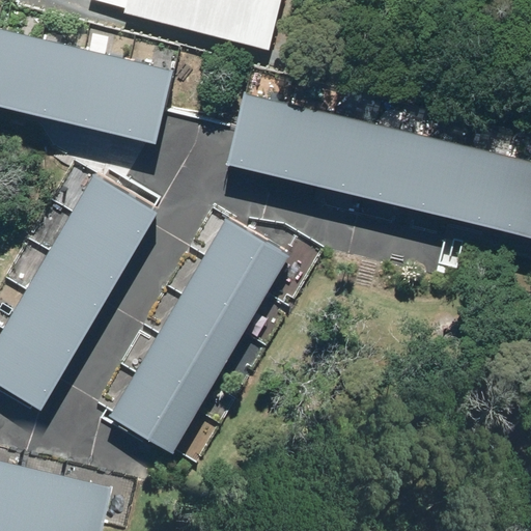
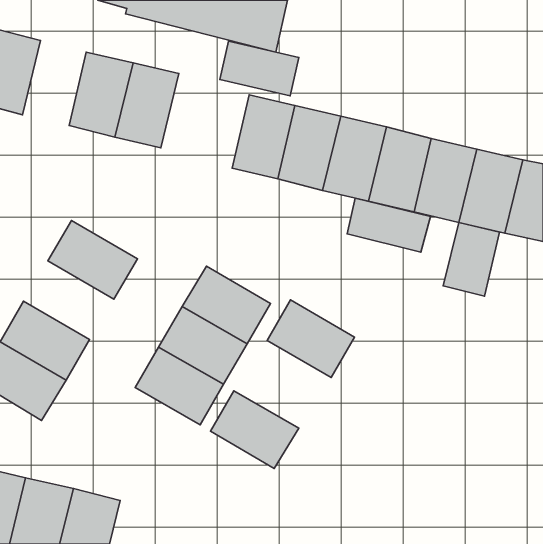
building: [22,39,84,122] -> none
building: none -> [220,41,299,96]
building: [69,175,157,252] -> none
building: none -> [347,198,430,252]
building: none -> [443,222,499,296]
building: [201,220,286,296] -> [267,300,355,378]
building: [23,254,111,331] -> none
building: [109,378,195,453] -> [210,391,299,469]

